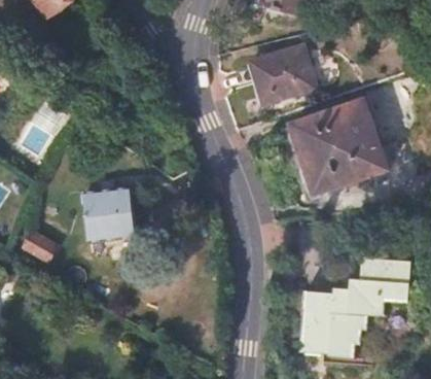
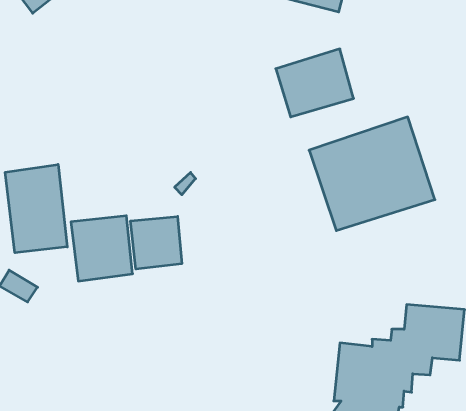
building: none -> [5,164,67,253]
building: none -> [131,216,182,269]

